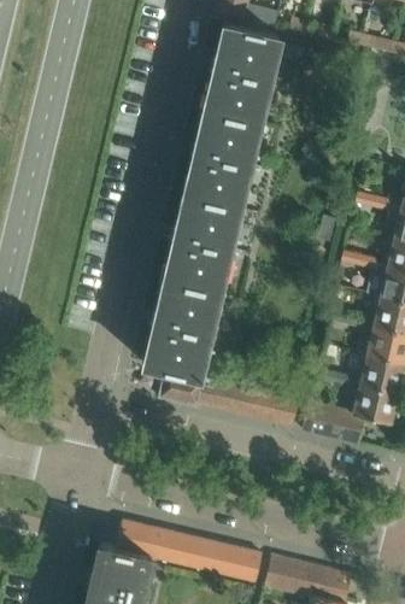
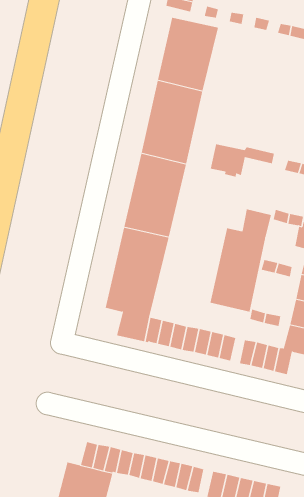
building: none -> [210,143,275,178]
building: none -> [210,208,271,312]

